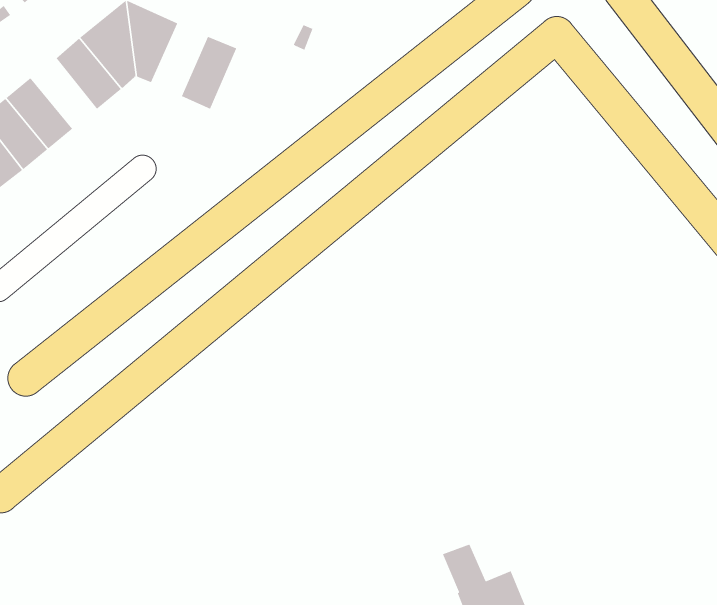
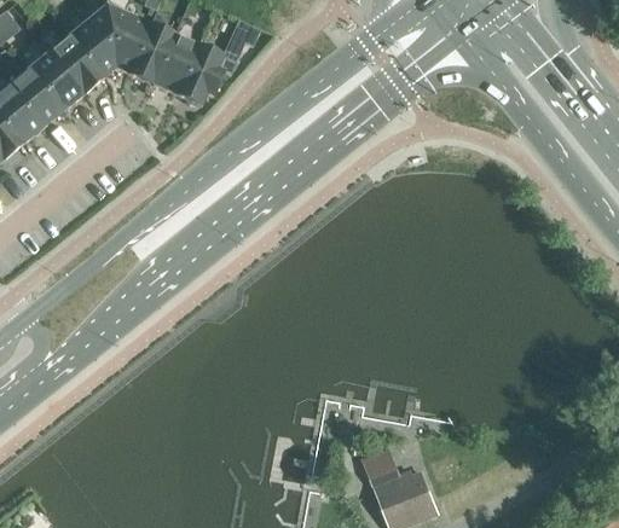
building: none -> [126,23,172,83]
building: none -> [174,43,236,105]
building: none -> [27,52,81,110]

